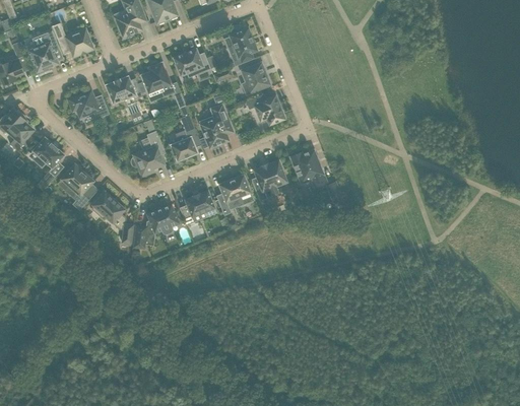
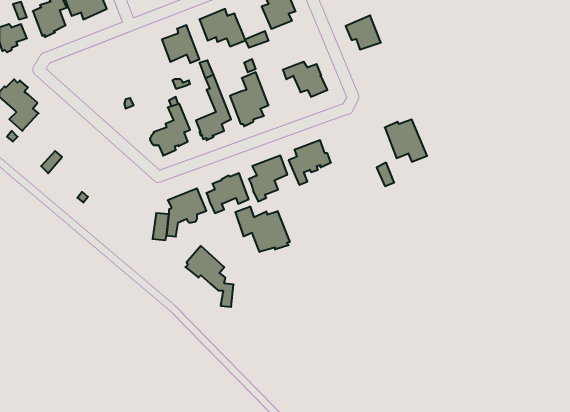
building: [240,61,270,90] -> [346,15,381,49]
building: [105,75,142,103] -> none
building: [67,89,108,117] -> none
building: [29,136,63,167] -> none
building: [289,149,326,186] -> [385,119,427,162]
building: [56,163,92,209] -> none
building: [90,190,132,243] -> [185,246,234,307]
building: none -> [235,206,290,252]

